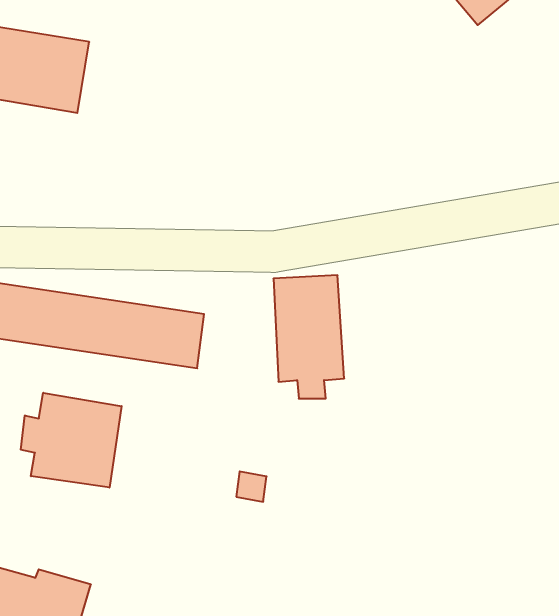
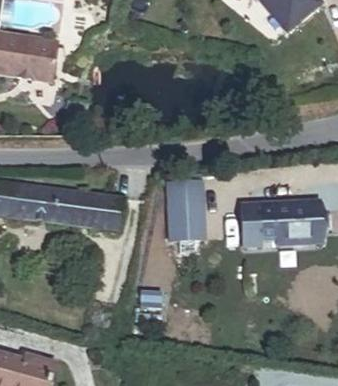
building: none -> [236,203,321,248]
building: [21,393,122,488] -> none

